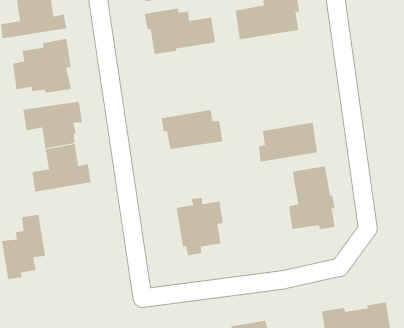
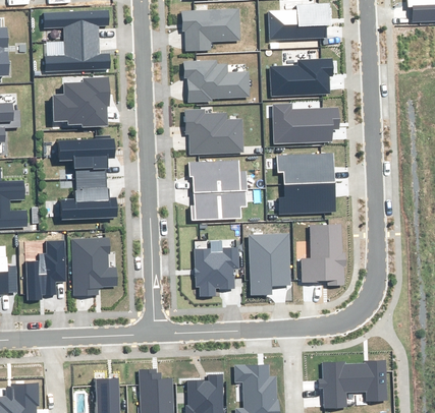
building: none -> [271,104,338,143]
building: none -> [184,110,241,154]
building: none -> [276,153,333,185]
building: none -> [189,191,247,221]
building: none -> [248,234,290,295]
building: none -> [70,238,116,296]

